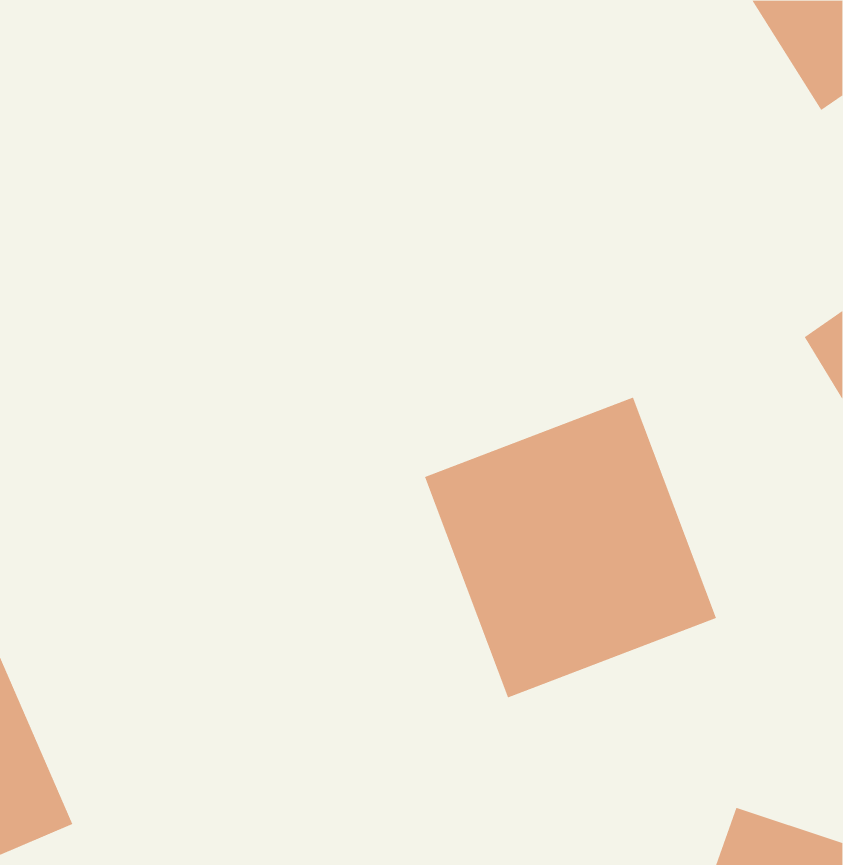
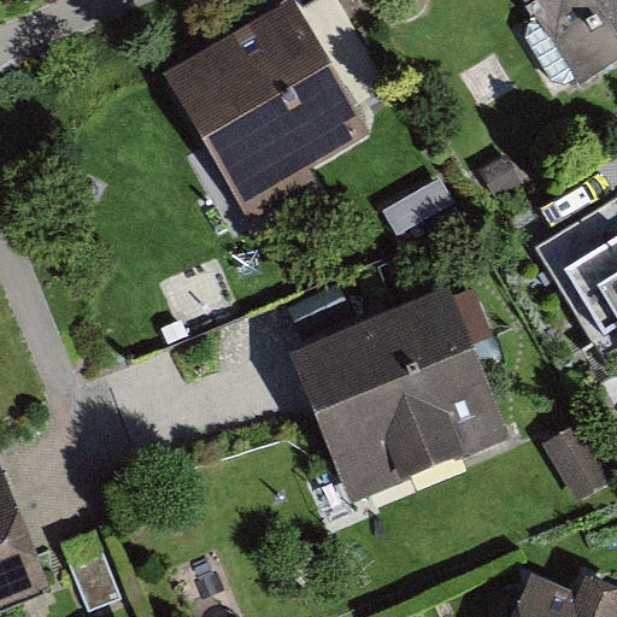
building: none -> [175,10,363,194]

